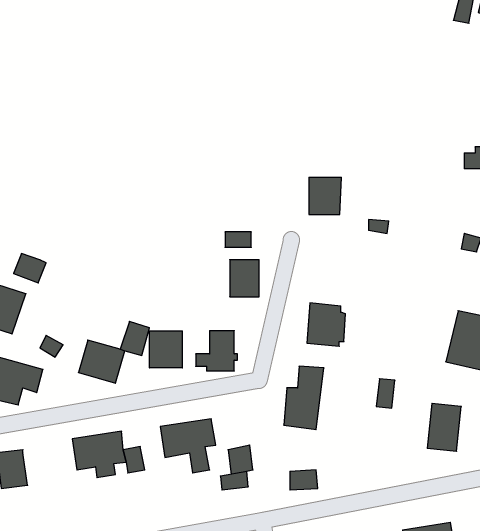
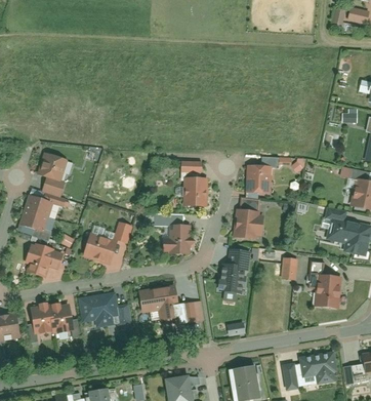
building: [309,177,341,214] -> [248,166,270,191]
building: none -> [39,154,66,179]
building: [150,331,182,368] -> none
building: none -> [48,305,69,331]

